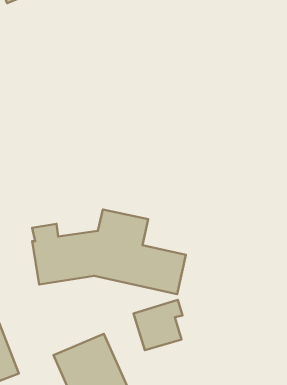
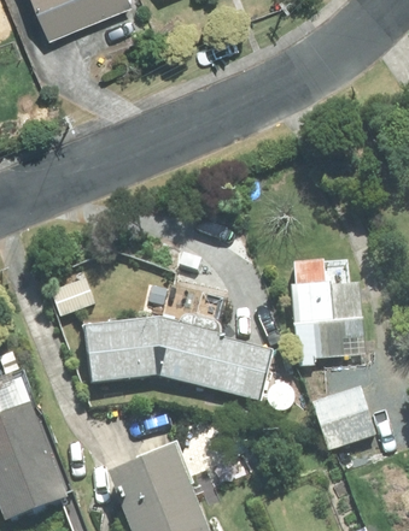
building: none -> [290,256,367,366]
building: [133,300,183,350] -> [312,387,374,449]

